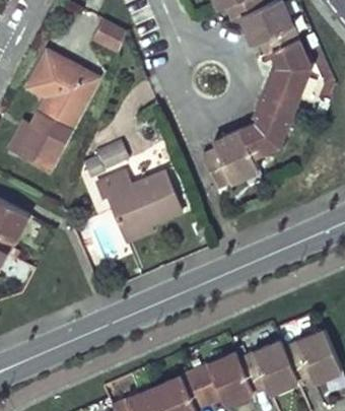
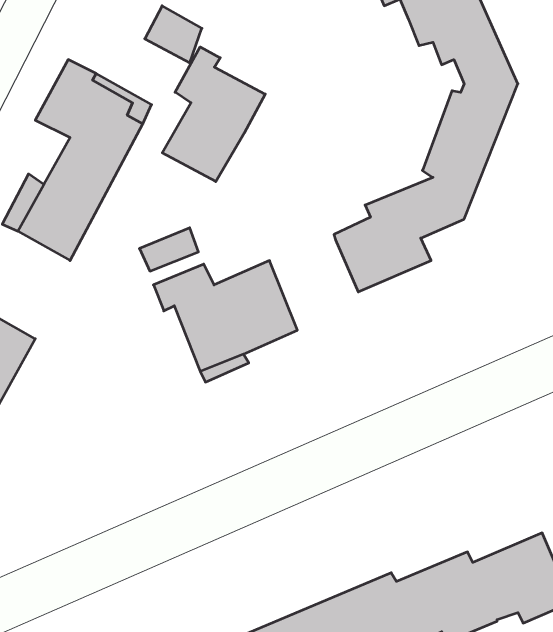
building: none -> [162,47,265,182]

